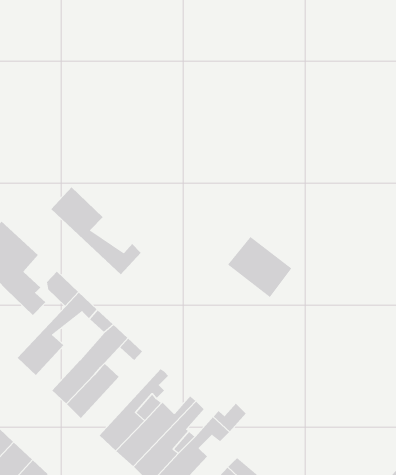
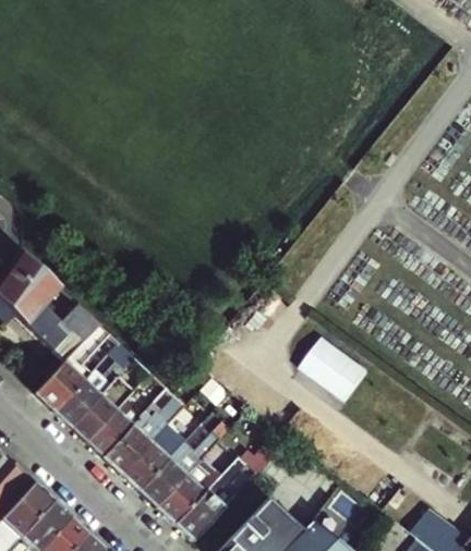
building: [51,187,142,275] -> none
building: [227,236,292,298] -> [302,339,370,403]
building: none -> [57,381,102,428]
building: none -> [104,400,186,475]

